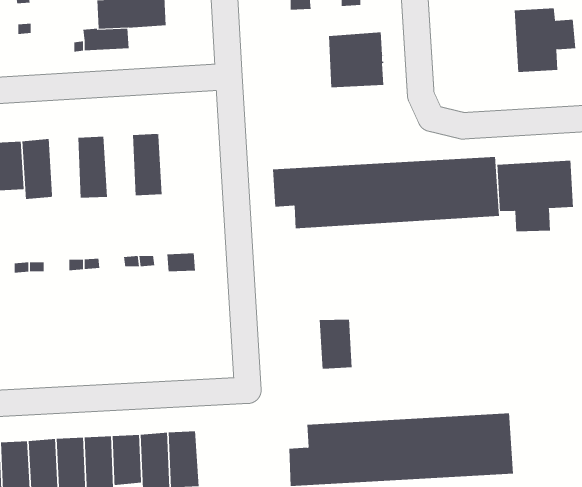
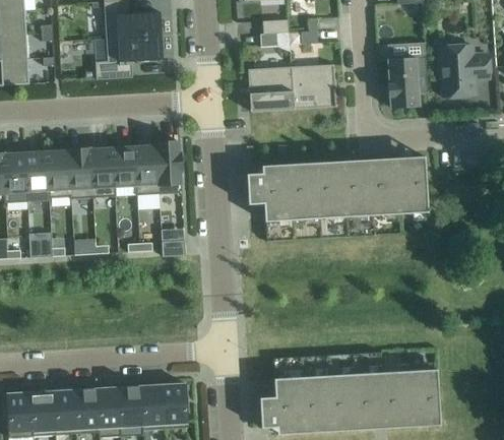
building: none -> [387,56,427,107]
building: none -> [248,66,293,111]
building: none -> [155,140,182,193]
building: none -> [112,145,136,195]
building: none -> [68,147,92,198]
building: [497,160,574,232] -> none
building: [319,319,352,370] -> none

